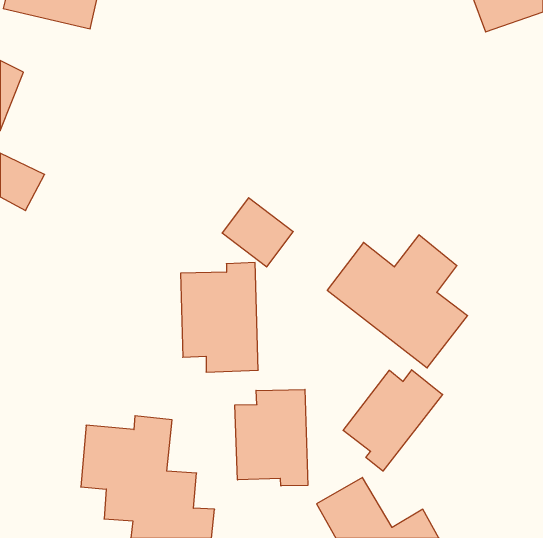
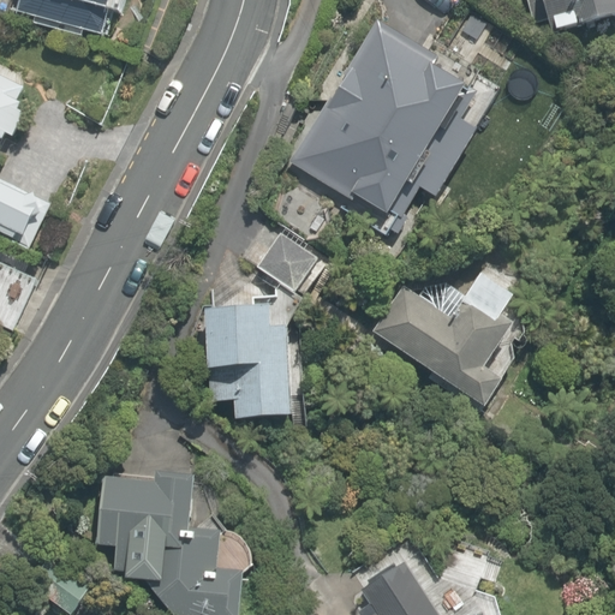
building: none -> [285,19,506,245]
building: [343,370,443,471] -> none
building: [235,389,308,486] -> none

